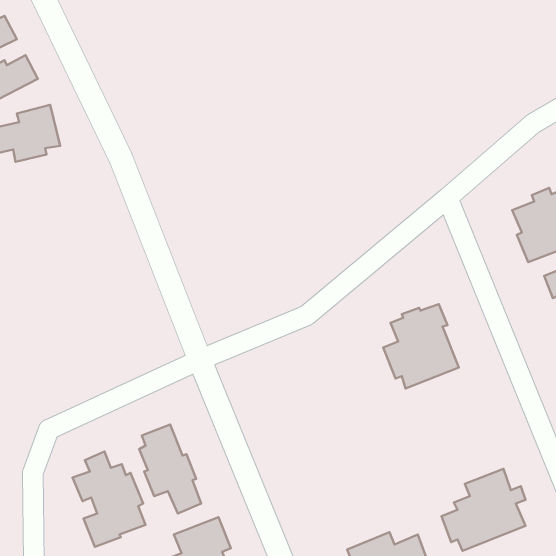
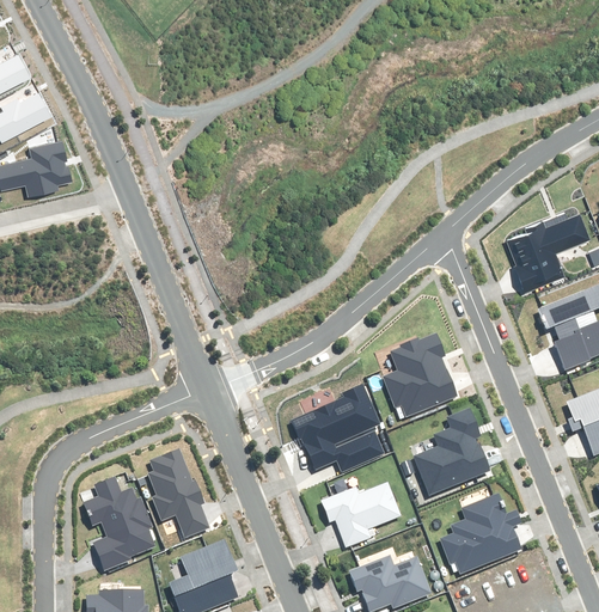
building: none -> [292,384,385,472]
building: none -> [414,409,489,495]
building: none -> [322,483,401,547]

